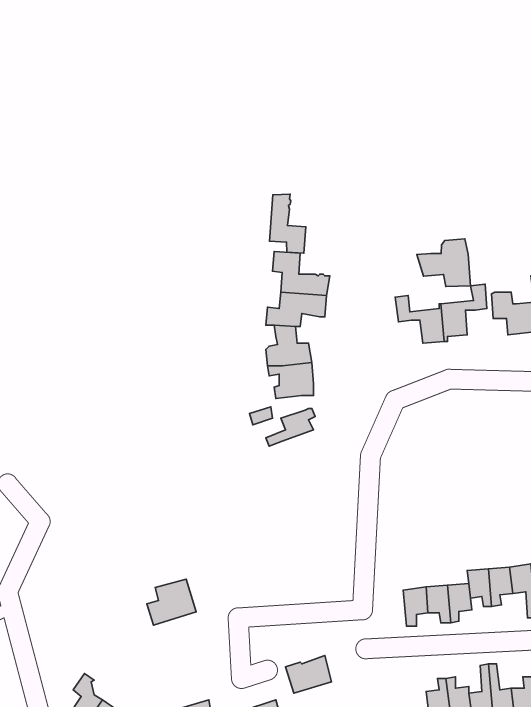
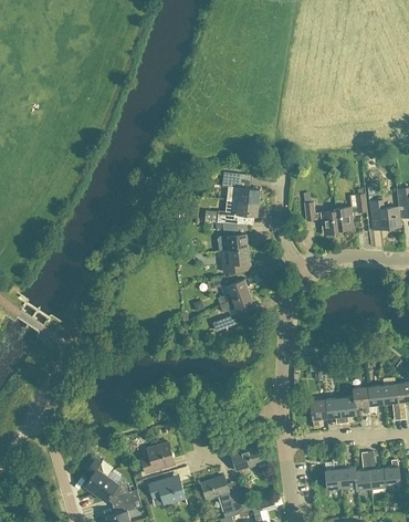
building: [269,194,306,253] -> none
building: [417,239,470,286] -> none
building: none -> [213,293,254,331]
building: [147,579,196,625] -> [140,442,174,473]

